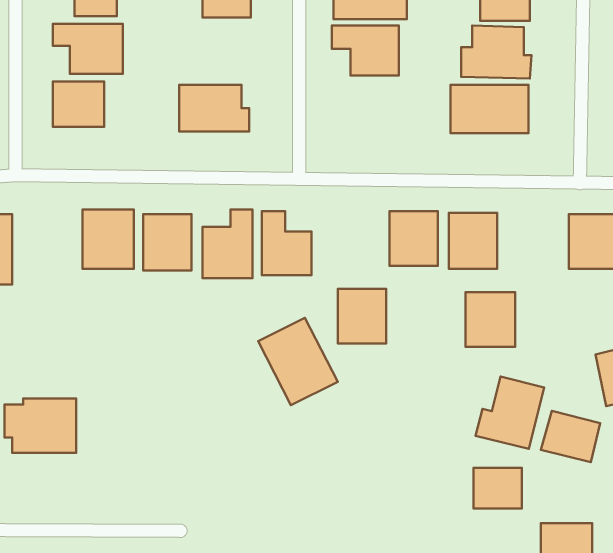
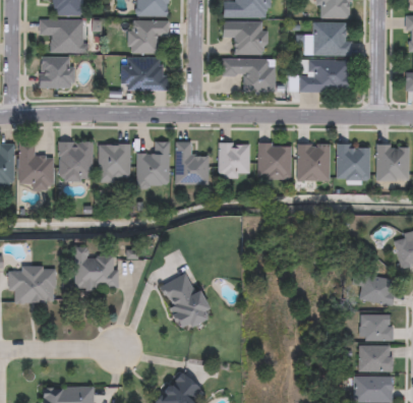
building: none -> [130,20,169,54]
building: none -> [223,59,276,93]
building: none -> [18,141,53,187]
building: [338,289,386,343] -> [219,142,250,178]
building: [465,292,515,347] -> [337,145,369,180]
building: [258,318,338,405] -> [158,271,210,328]
building: none -> [74,244,118,287]
building: [476,376,544,449] -> none
building: [473,468,522,508] -> [360,314,392,341]

